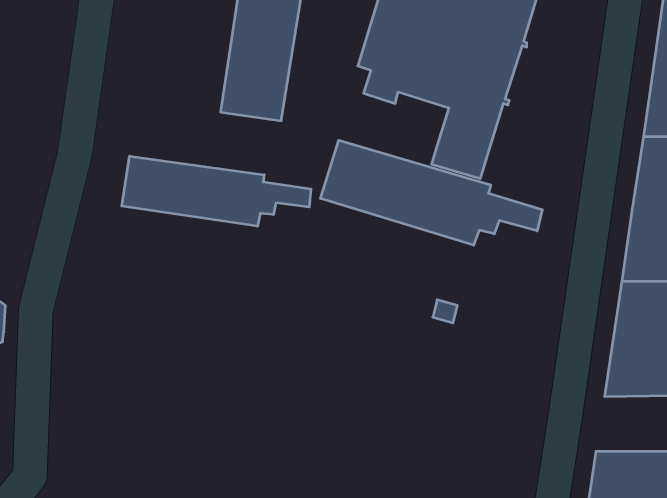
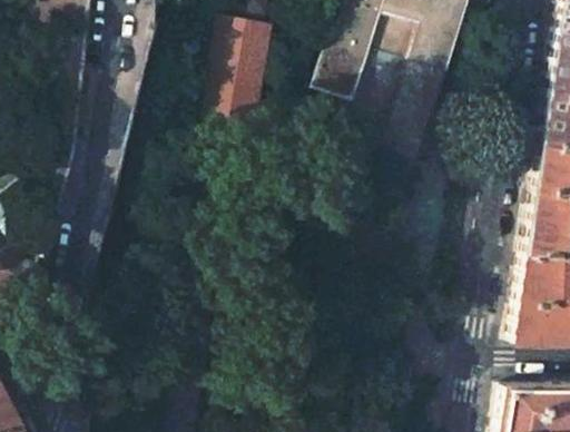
building: [321,140,542,245] -> none
building: [122,156,311,226] -> none

